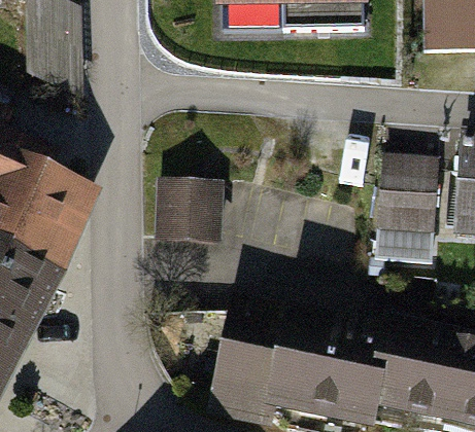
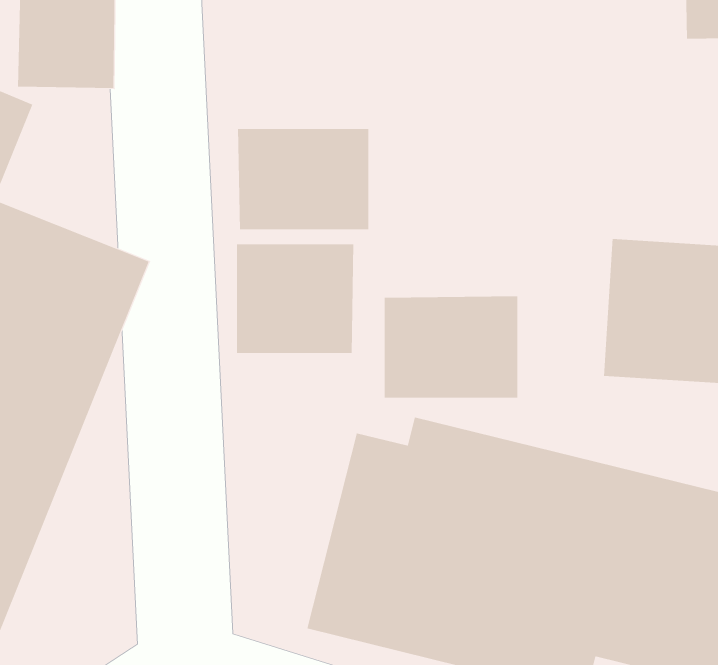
building: none -> [237,128,369,230]
building: none -> [384,296,518,399]

